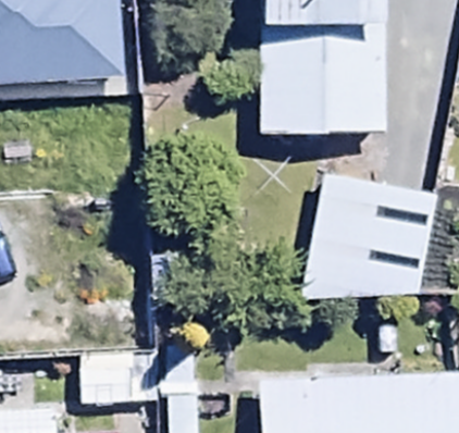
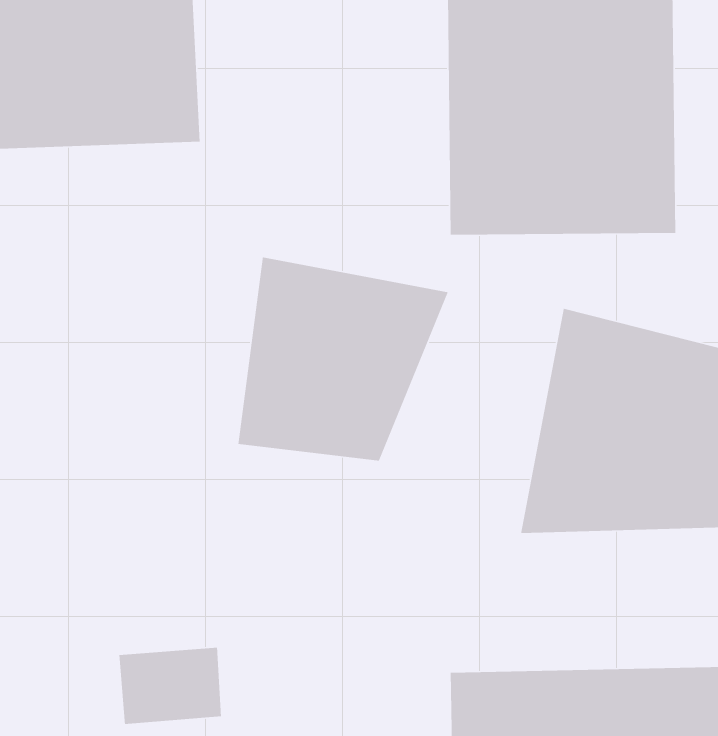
building: none -> [238,256,449,461]

